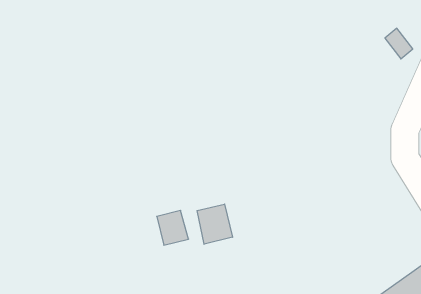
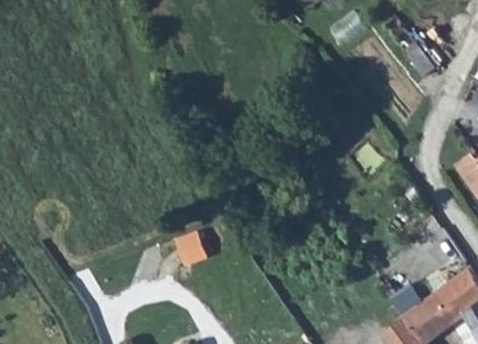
building: [197,204,233,244] -> none

